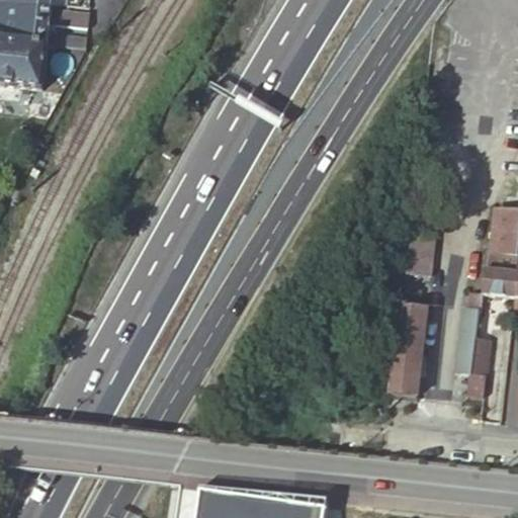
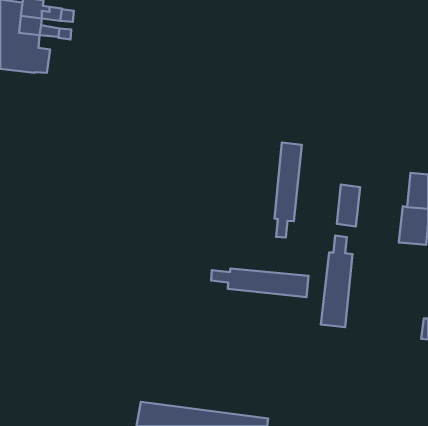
building: none -> [275,143,302,237]
building: [454,290,485,399] -> none
building: none -> [211,269,309,297]

